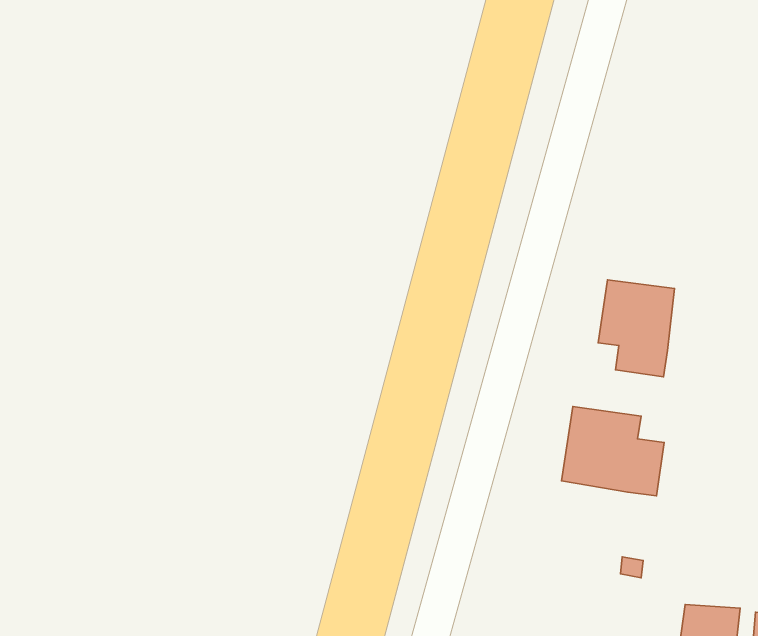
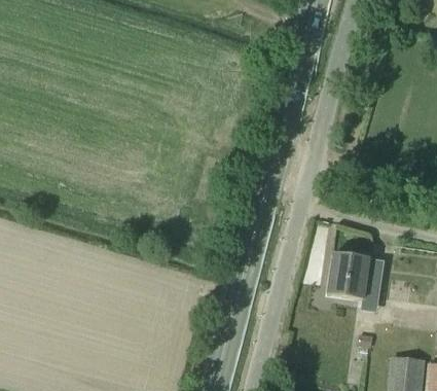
building: [598,280,675,377] -> none

